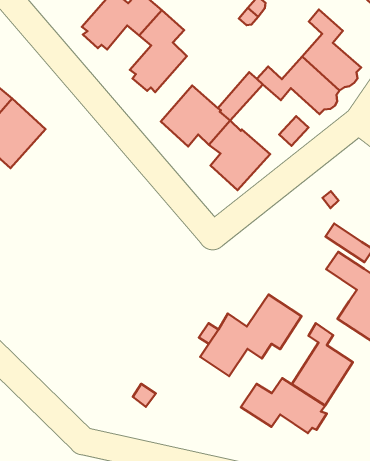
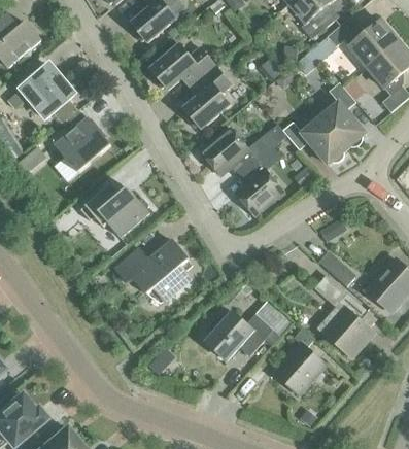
building: none -> [80,182,149,237]
building: none -> [115,242,192,301]
building: [241,378,327,433] -> none

